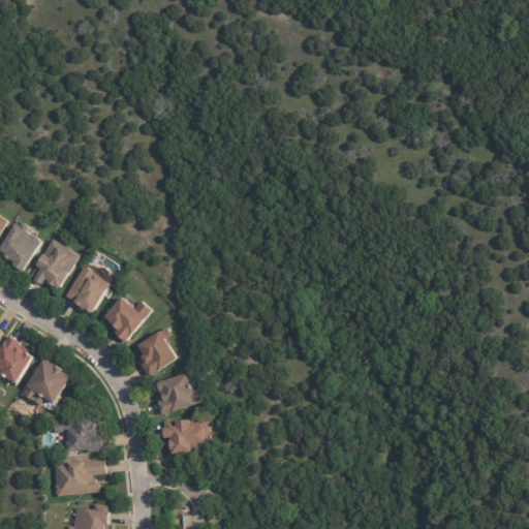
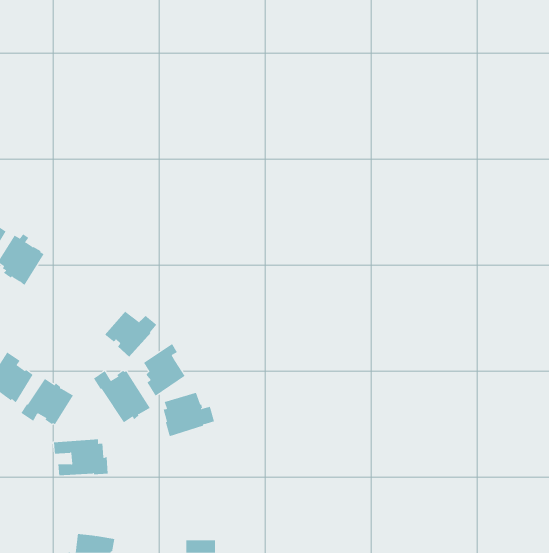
building: [27,238,79,289] -> none
building: [63,264,110,313] -> none
building: none -> [93,370,151,423]
building: [163,417,209,454] -> none
building: [52,459,105,496] -> none

